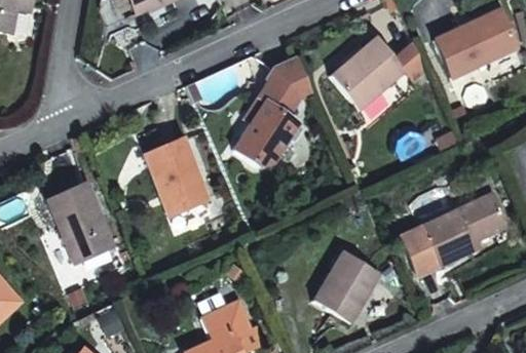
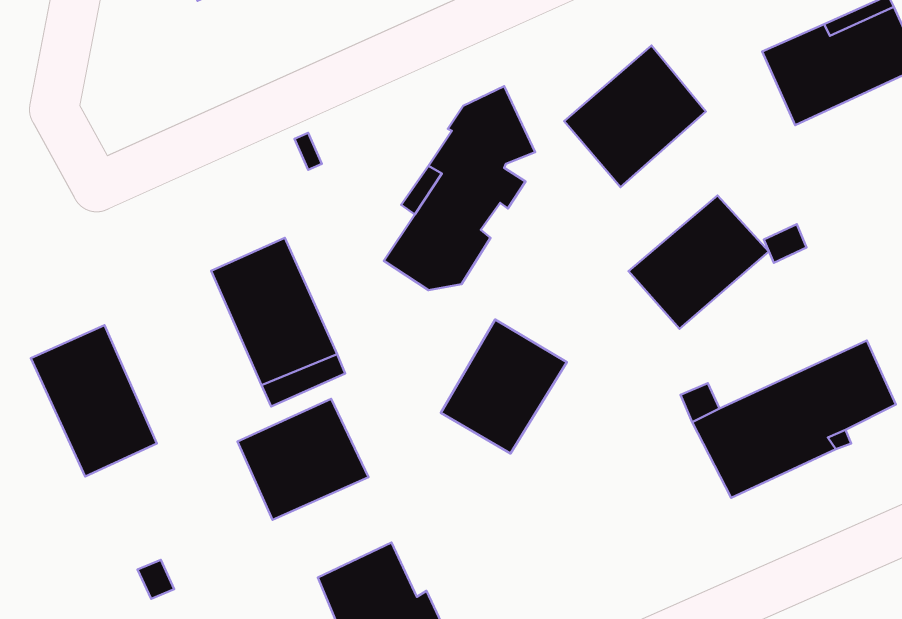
building: none -> [629,196,769,329]
building: none -> [238,399,368,520]
building: [313,251,380,322] -> [441,320,567,454]

